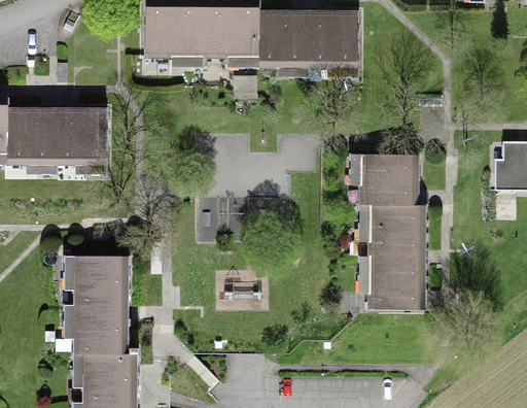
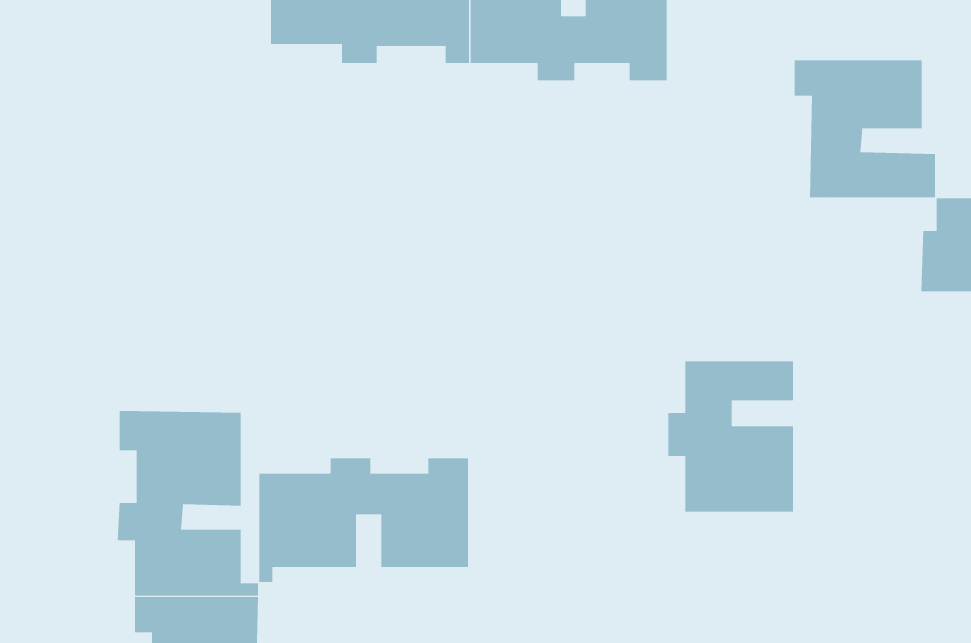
building: [7,107,107,174] -> none
building: [350,154,426,228] -> [794,60,936,198]
building: none -> [259,458,469,583]

